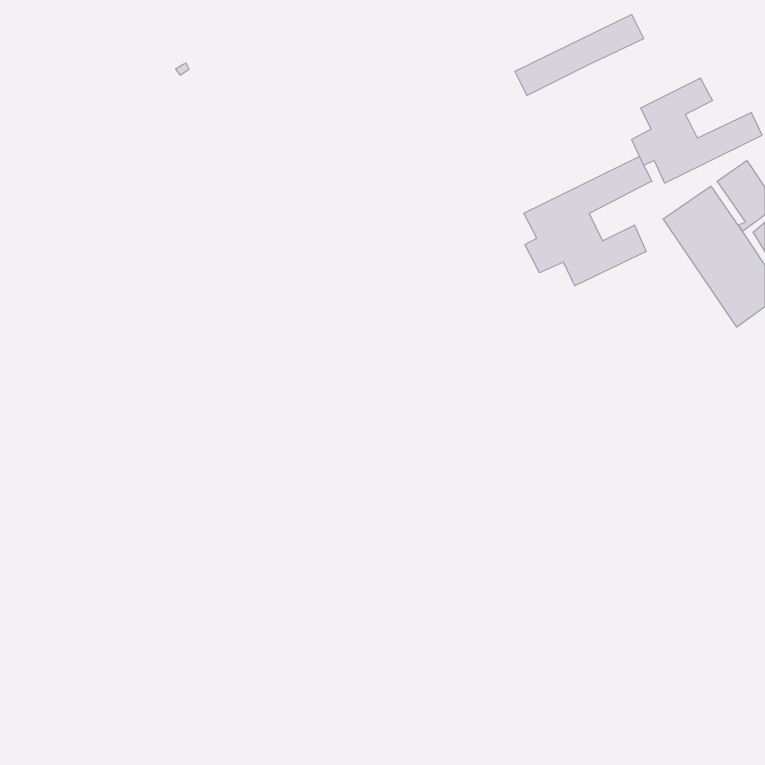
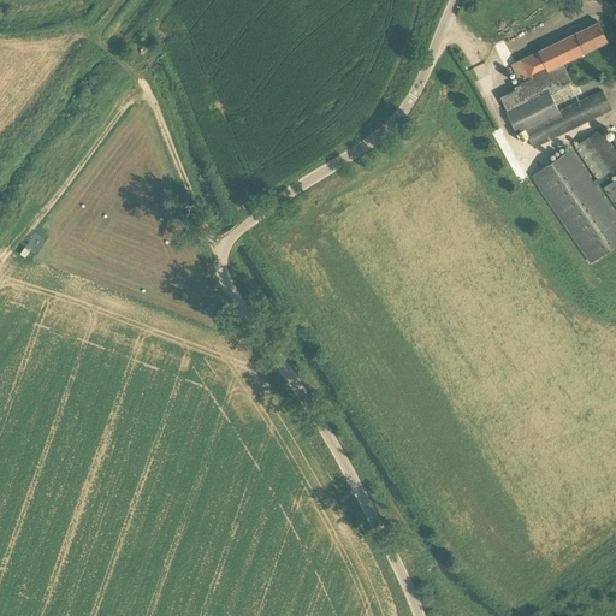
building: [515,15,644,96] -> [504,22,608,87]
building: [524,156,652,286] -> none

